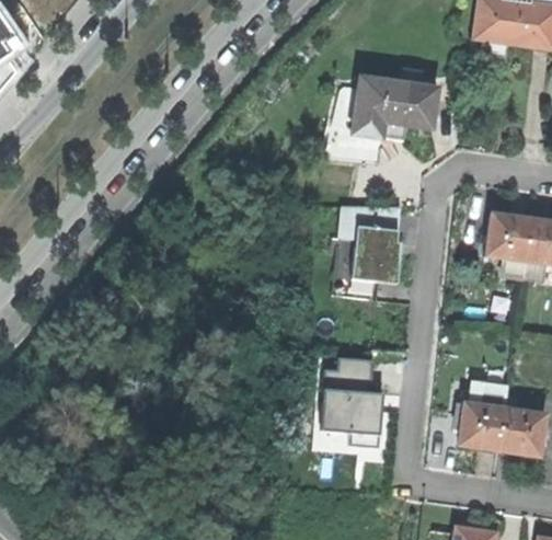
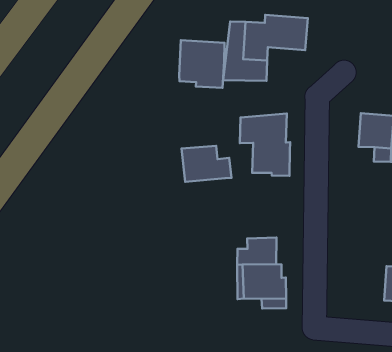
building: none -> [179,40,224,88]
building: none -> [181,146,232,182]
building: [460,381,510,449] -> none

